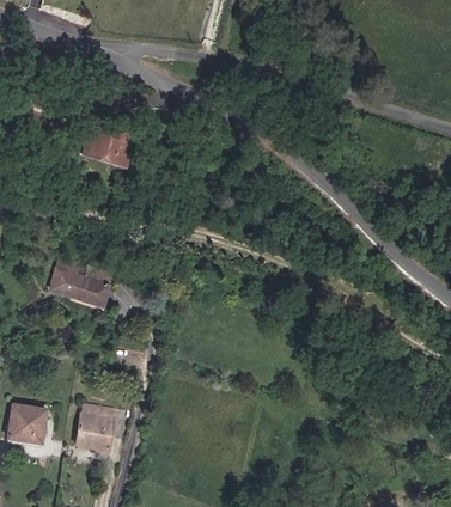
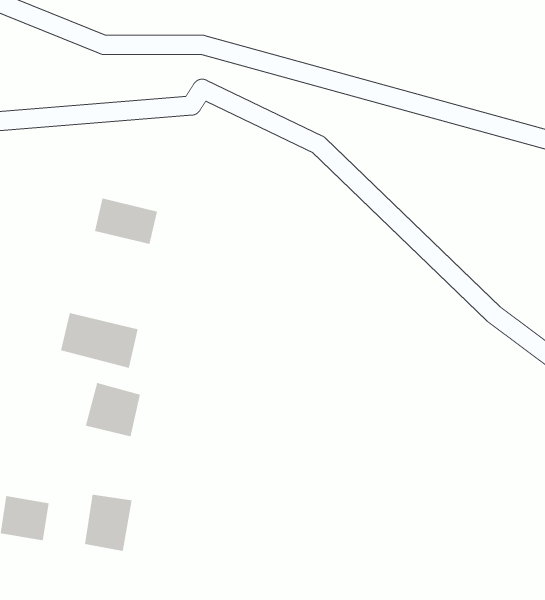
building: [74,126,124,163] -> [94,198,158,245]
building: none -> [85,382,141,437]

